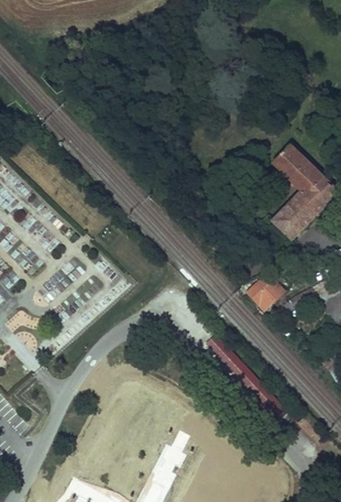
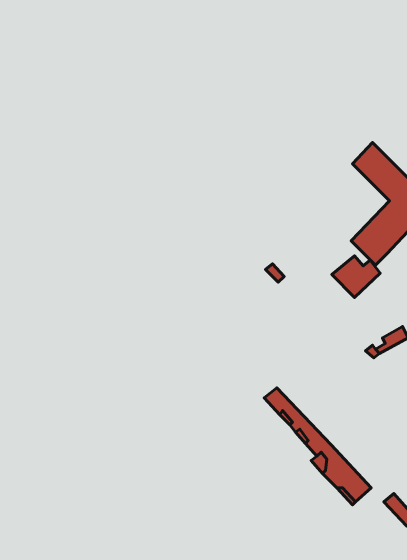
building: [246,277,284,309] -> [332,256,380,297]

